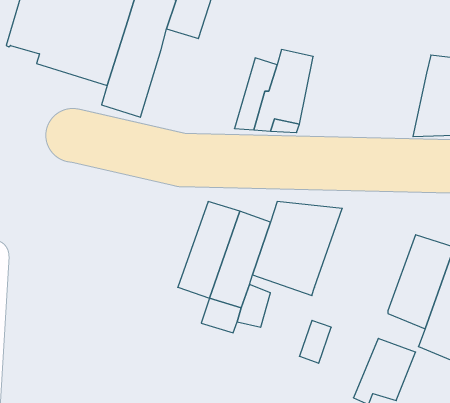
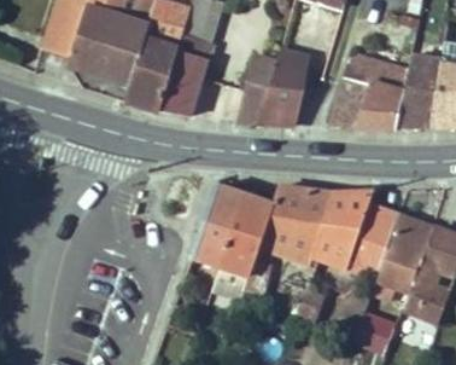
building: none -> [159,33,214,114]
building: none -> [329,56,409,127]
building: none -> [311,190,399,279]

